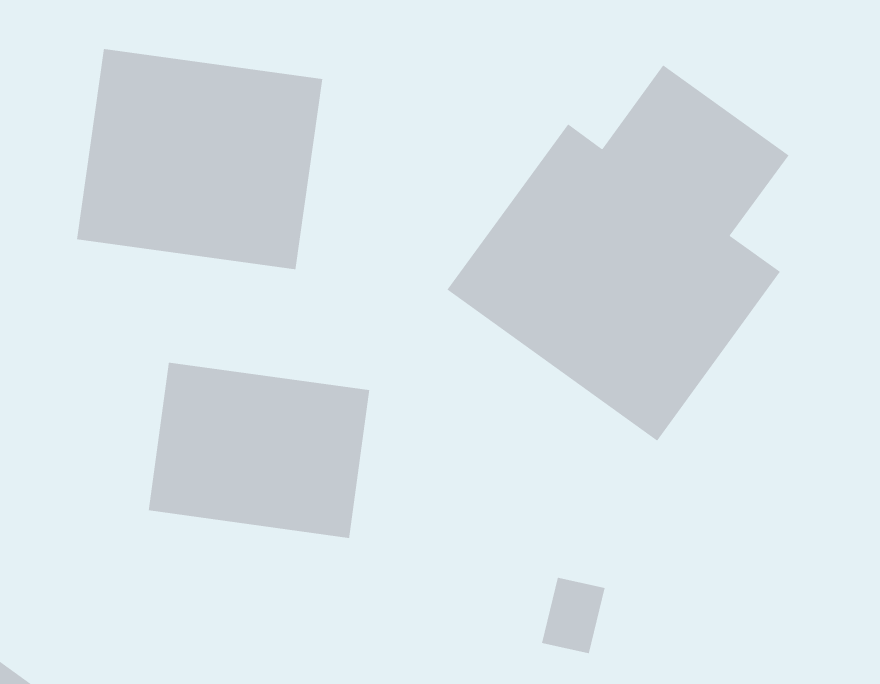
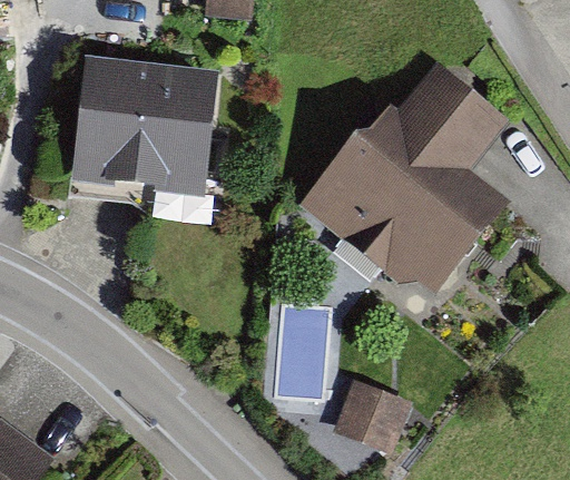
building: [148,362,370,539] -> none

